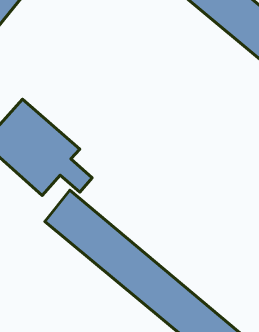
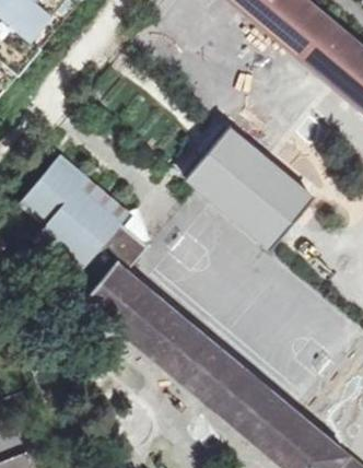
building: none -> [186,128,314,250]

